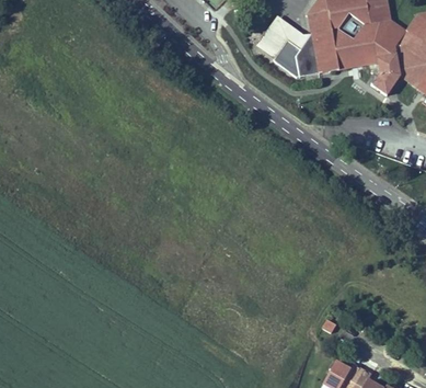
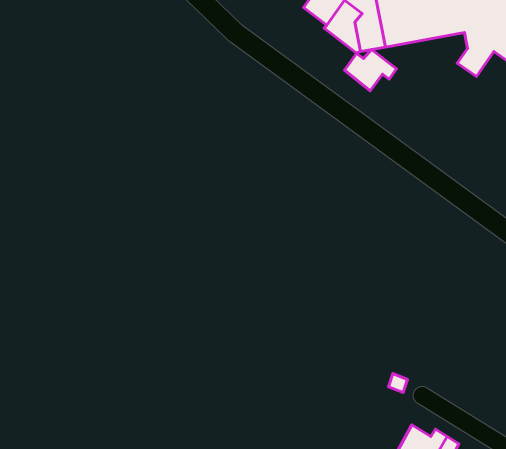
building: none -> [345,50,396,91]

